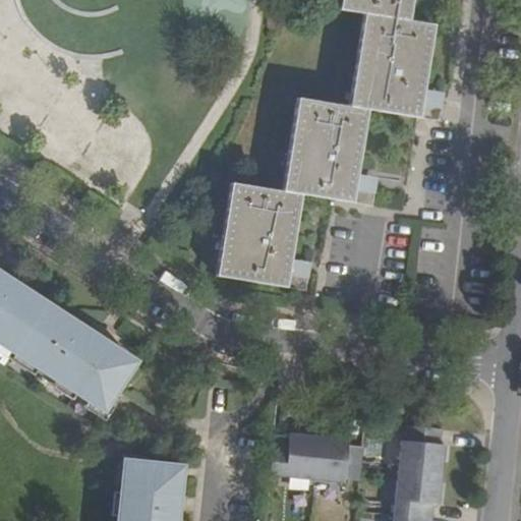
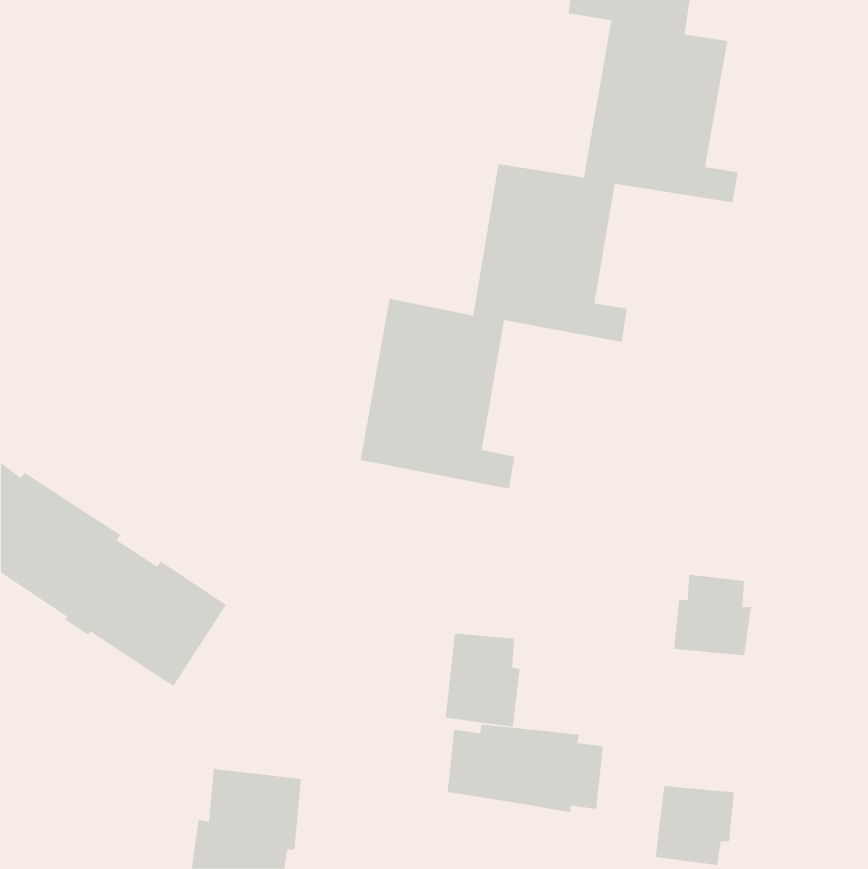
building: none -> [445,633,520,728]
building: [398,424,445,473] -> [673,574,752,656]

